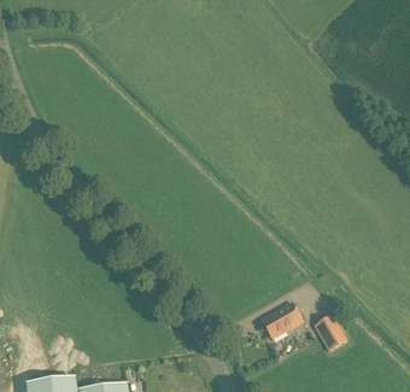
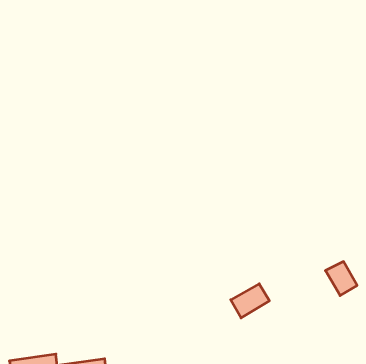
building: [314,315,347,351] -> [325,262,357,296]

